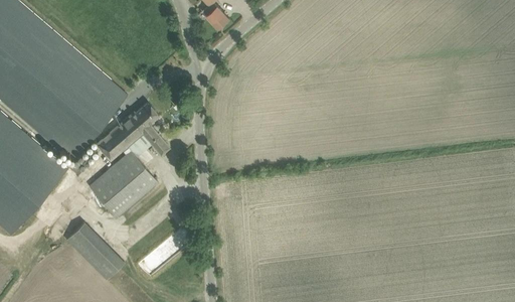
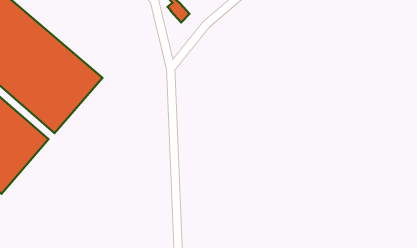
building: [89,102,169,216] -> none
building: [65,221,124,278] -> none

